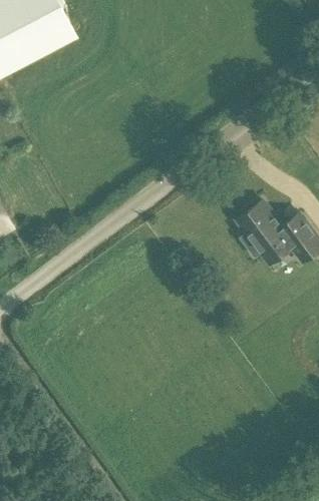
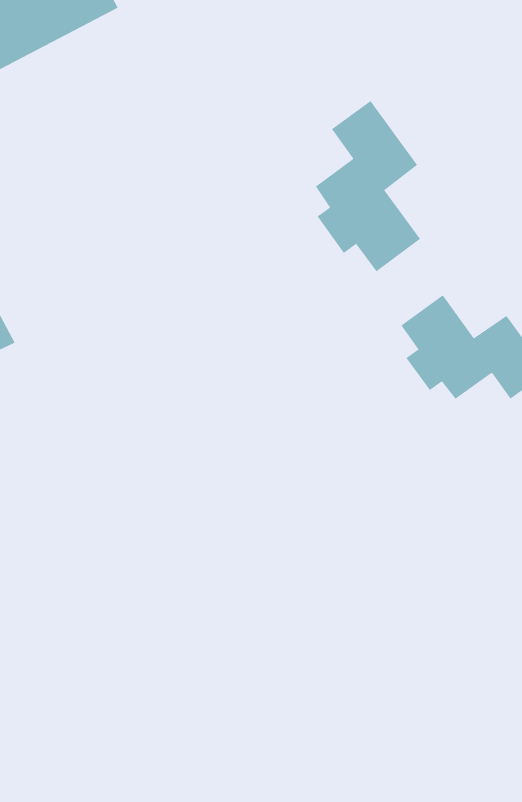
building: none -> [315,100,421,272]

